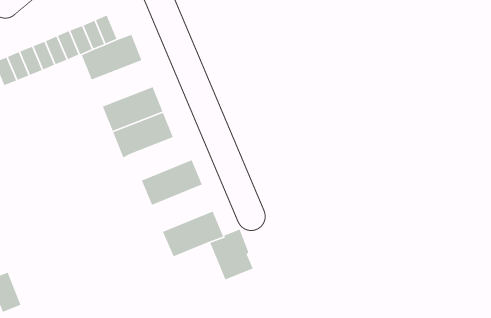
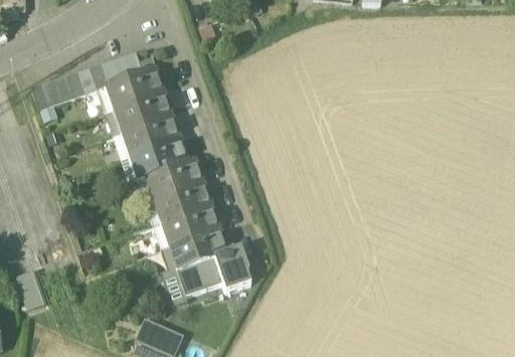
building: none -> [116,92,170,130]
building: none -> [147,158,201,197]
building: none -> [163,204,217,243]
building: none -> [175,255,221,294]

